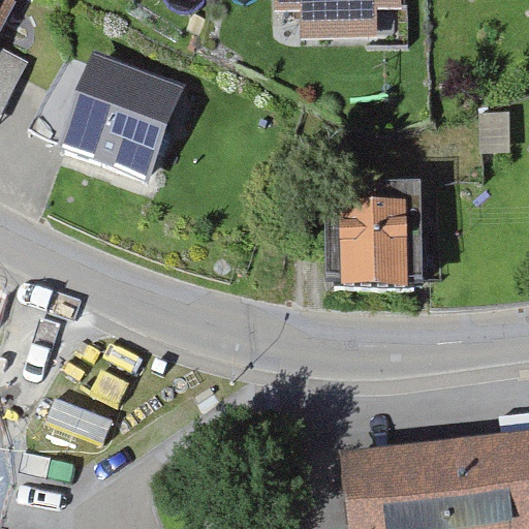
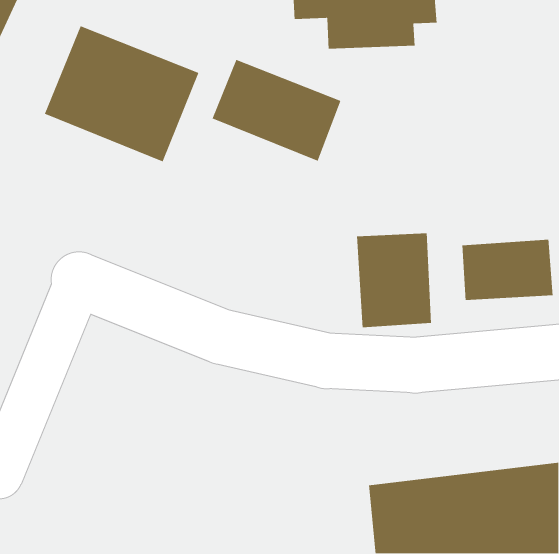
building: none -> [211,59,342,162]
building: none -> [462,239,553,301]

